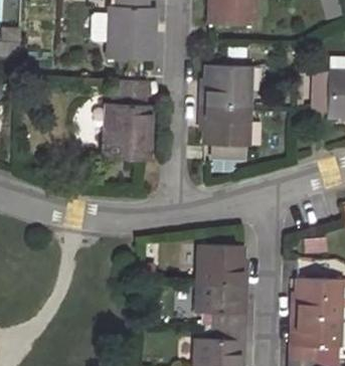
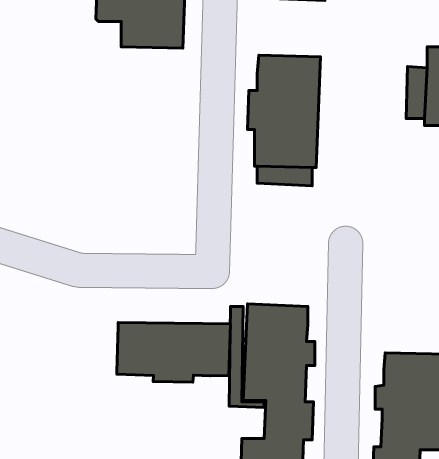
building: [106,79,153,160] -> none
building: none -> [117,323,230,382]

